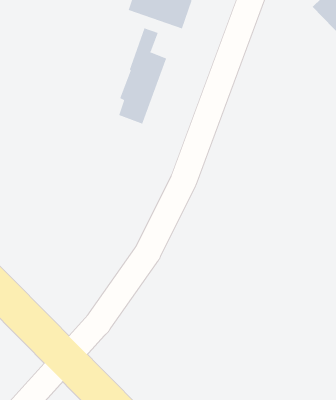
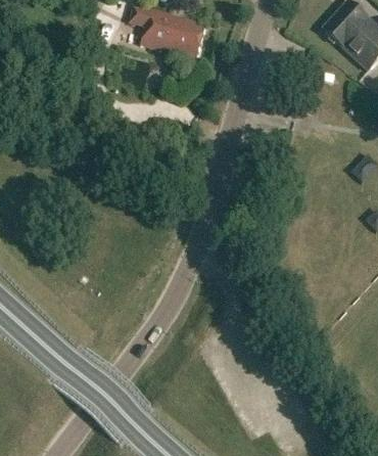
building: [118,27,167,125] -> none

